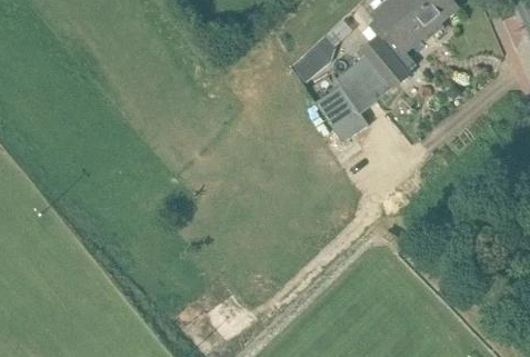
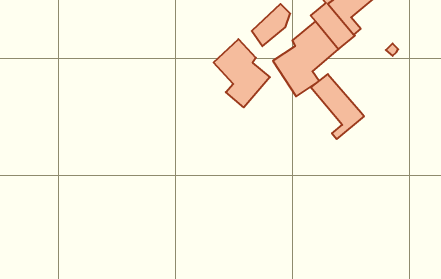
building: none -> [214,39,270,107]
building: none -> [311,74,364,139]

